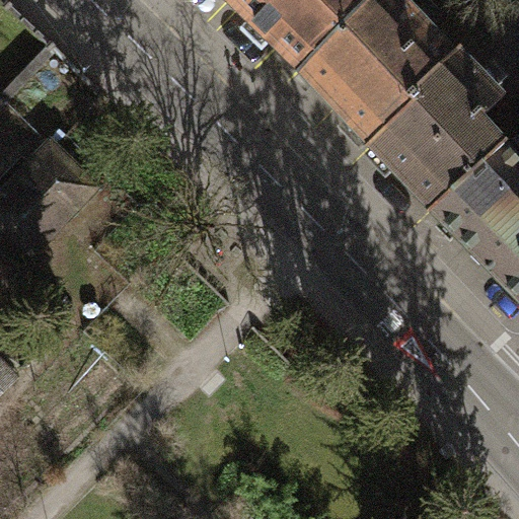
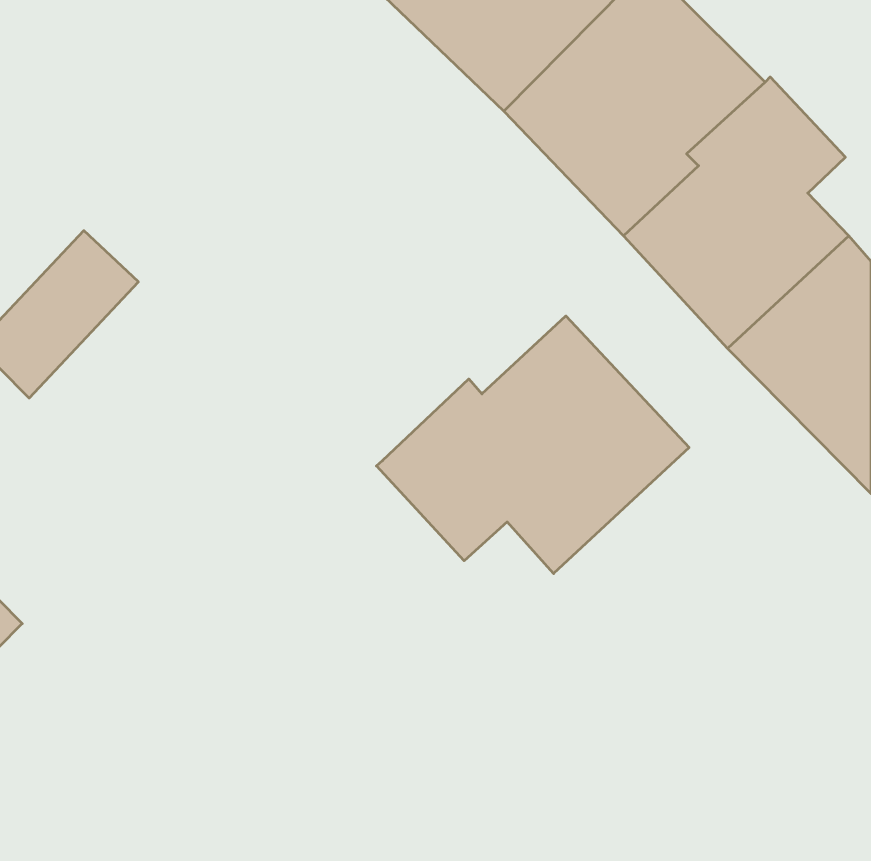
building: none -> [376,316,689,574]

